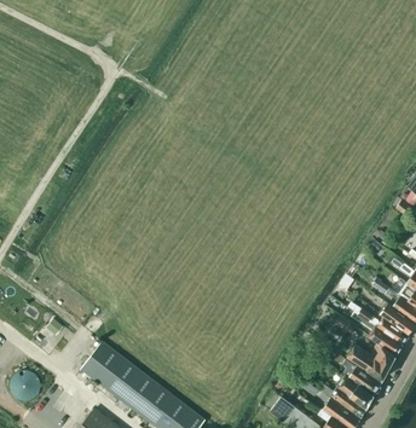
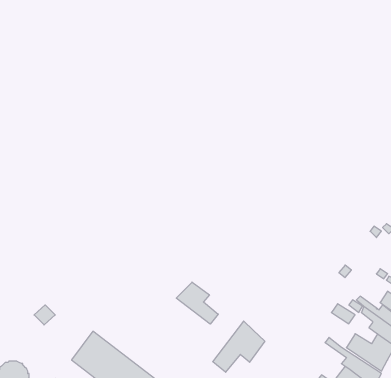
building: none -> [176,282,218,324]
building: none -> [213,321,265,372]

